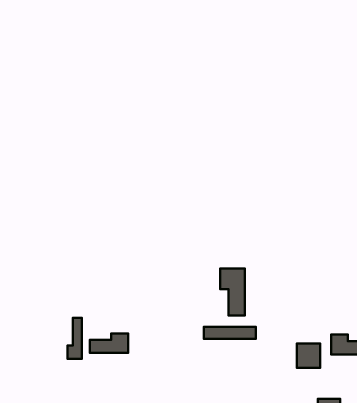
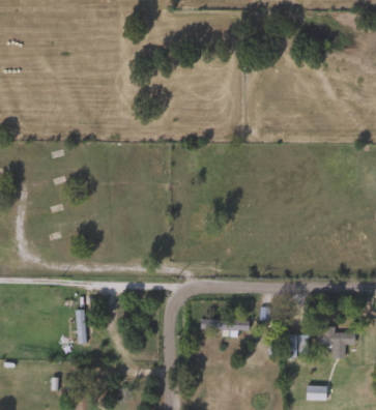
building: [220,268,245,316] -> none
building: [90,333,128,353] -> none

